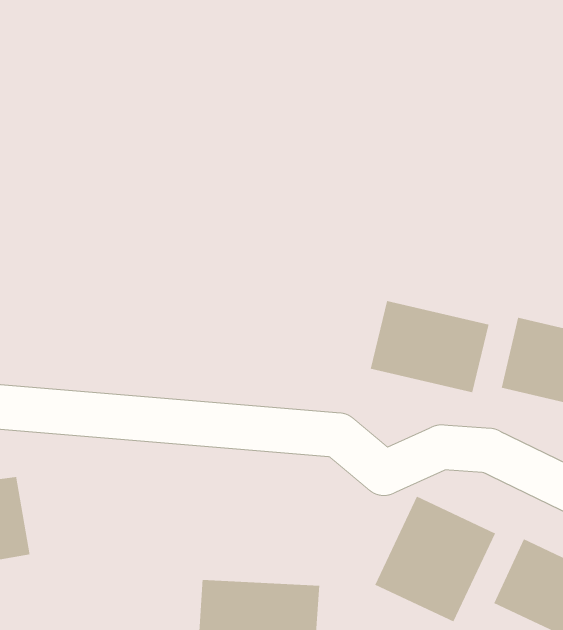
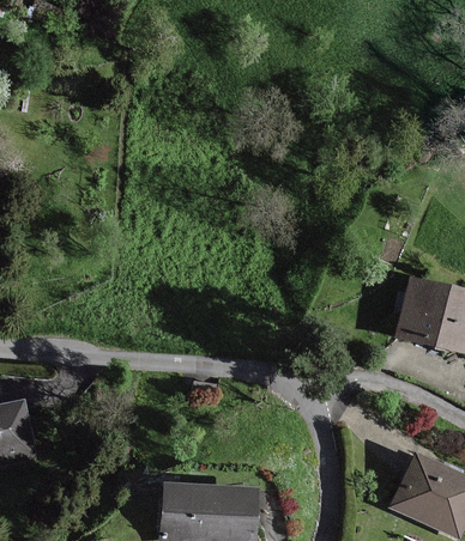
building: [370,300,490,393] -> none
building: [374,496,496,623] -> none

